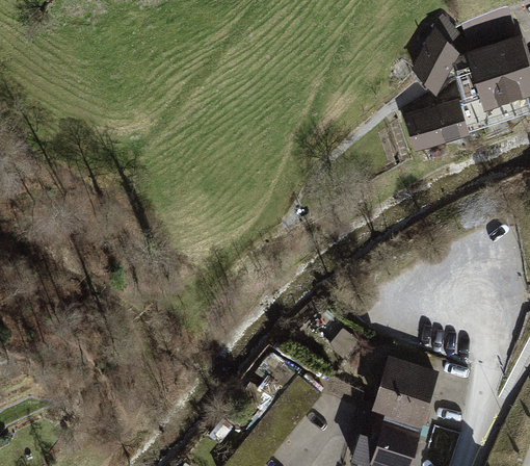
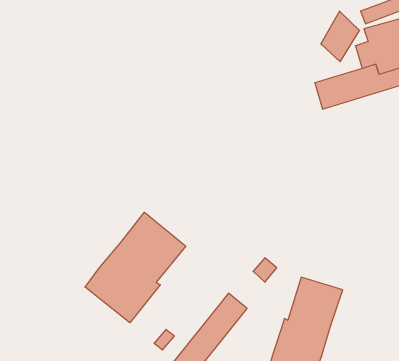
building: none -> [85,212,186,323]

